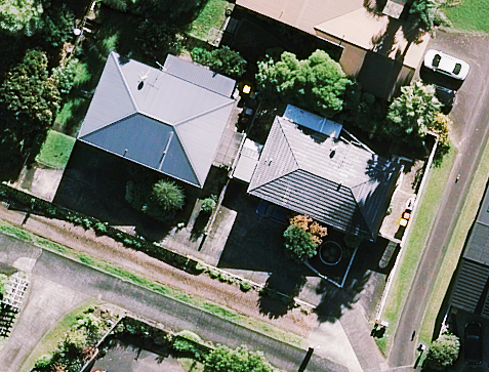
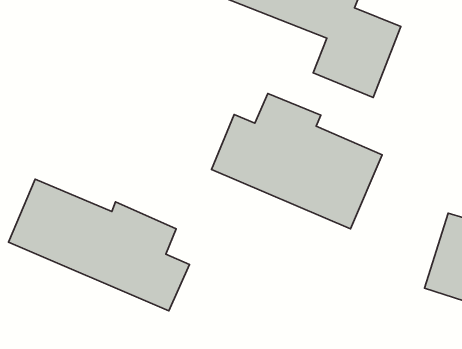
building: [76,51,241,187] -> none
building: none -> [8,179,190,311]

